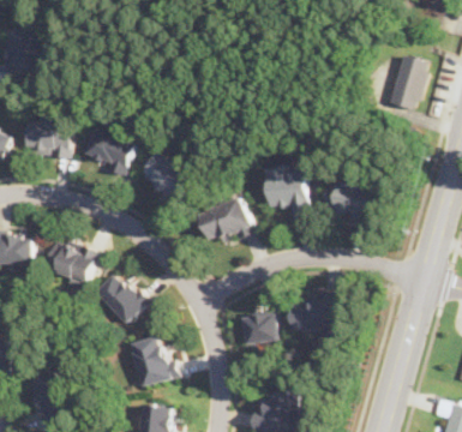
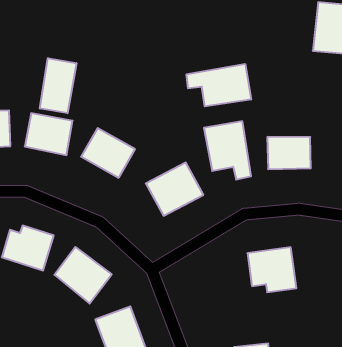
building: none -> [40,58,76,113]
building: none -> [187,64,251,106]
building: [242,312,278,346] -> none

